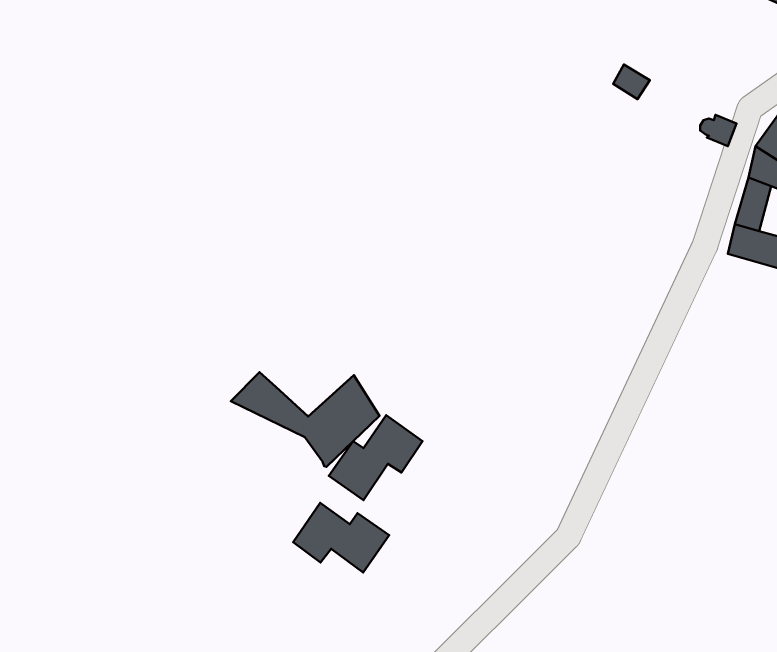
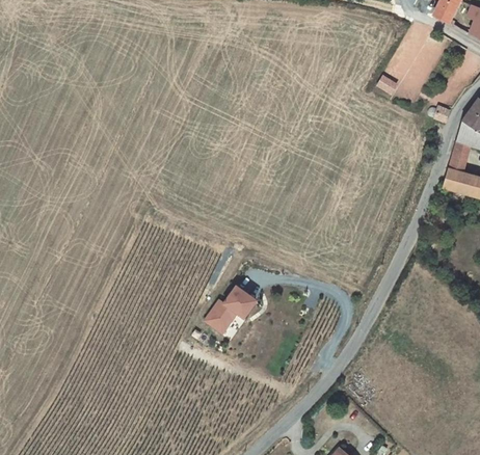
building: [231,372,380,467] -> none
building: [293,503,389,572] -> none

